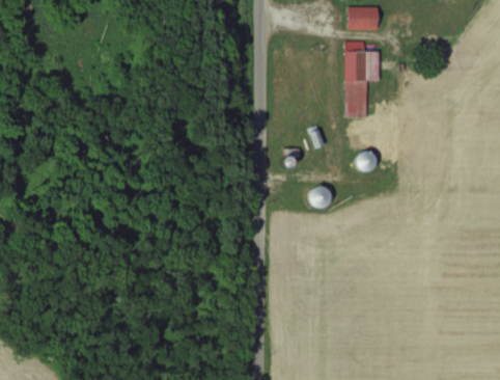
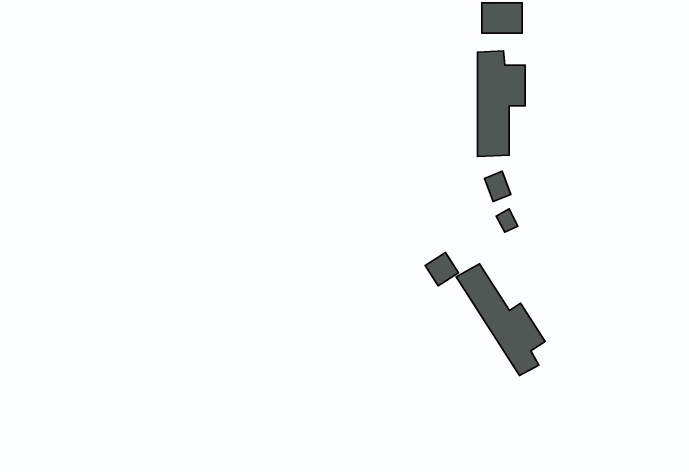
building: none -> [456,264,545,375]

